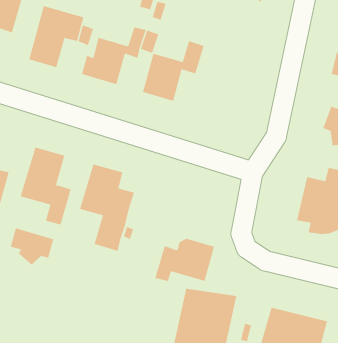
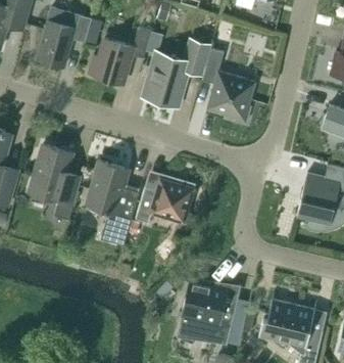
building: none -> [202,48,254,123]
building: [10,227,54,266] -> none
building: [155,238,215,281] -> [135,180,193,222]

